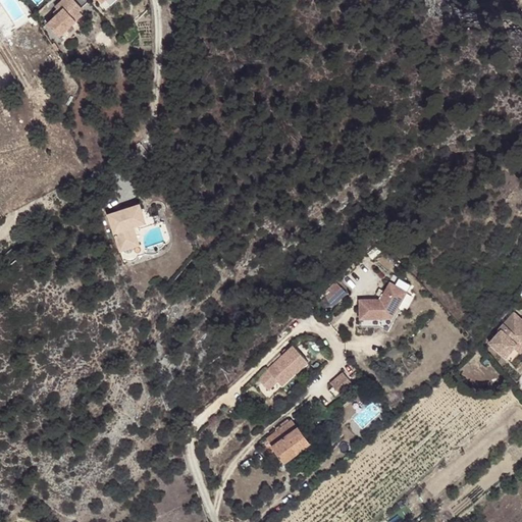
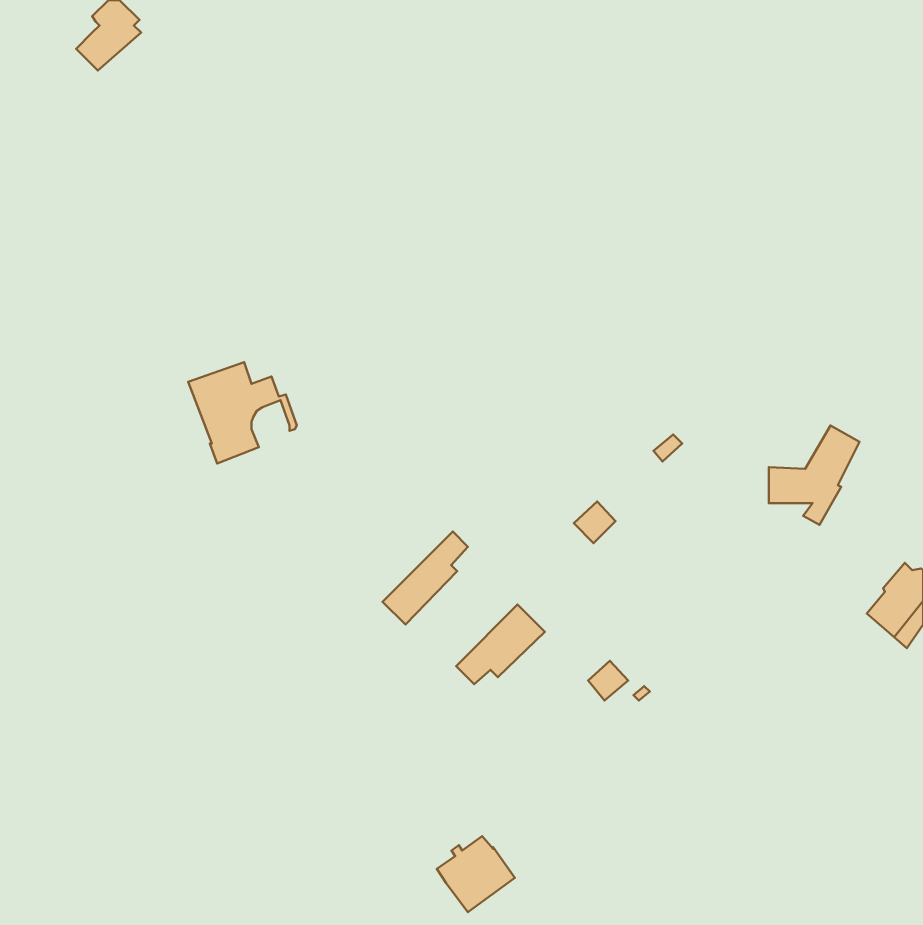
building: [360,275,411,331] -> [769,425,859,525]
building: none -> [383,532,468,625]
building: [267,420,311,463] -> [437,836,515,912]

